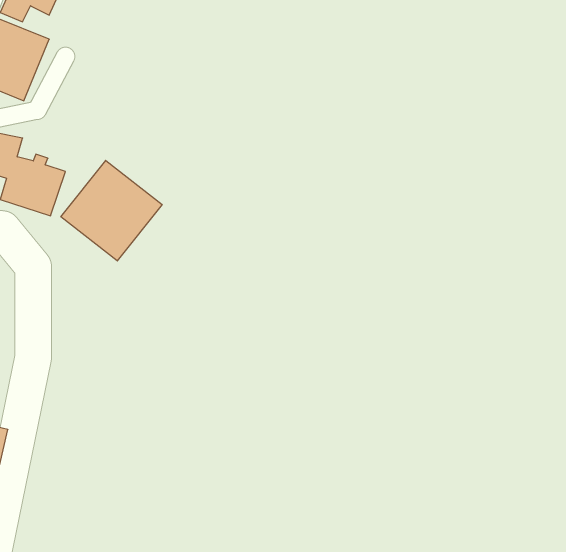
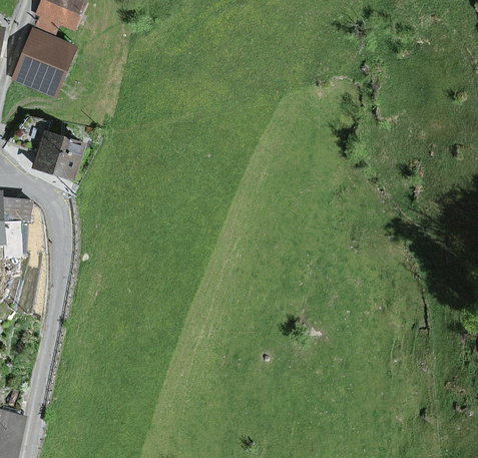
building: [61,160,162,261] -> none

